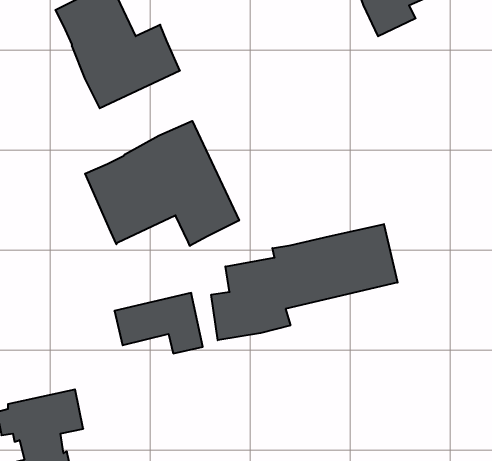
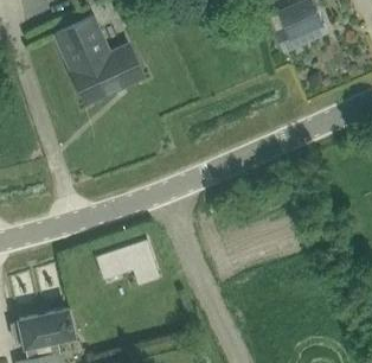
building: [85,121,239,246] -> none
building: [211,224,398,340] -> none

